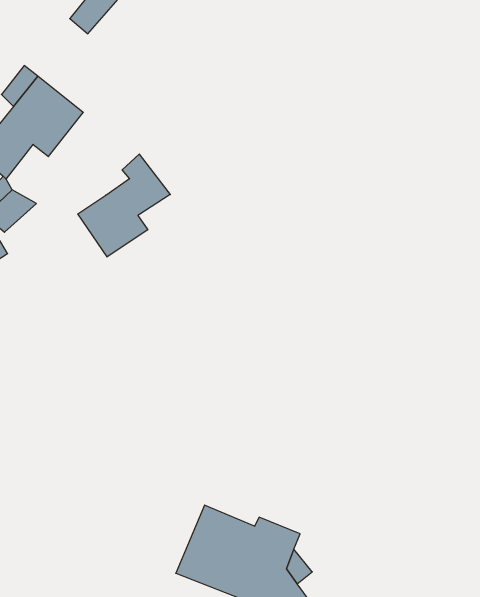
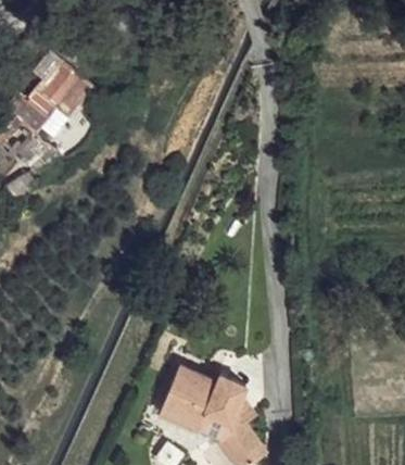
building: [78,154,170,257] -> none

